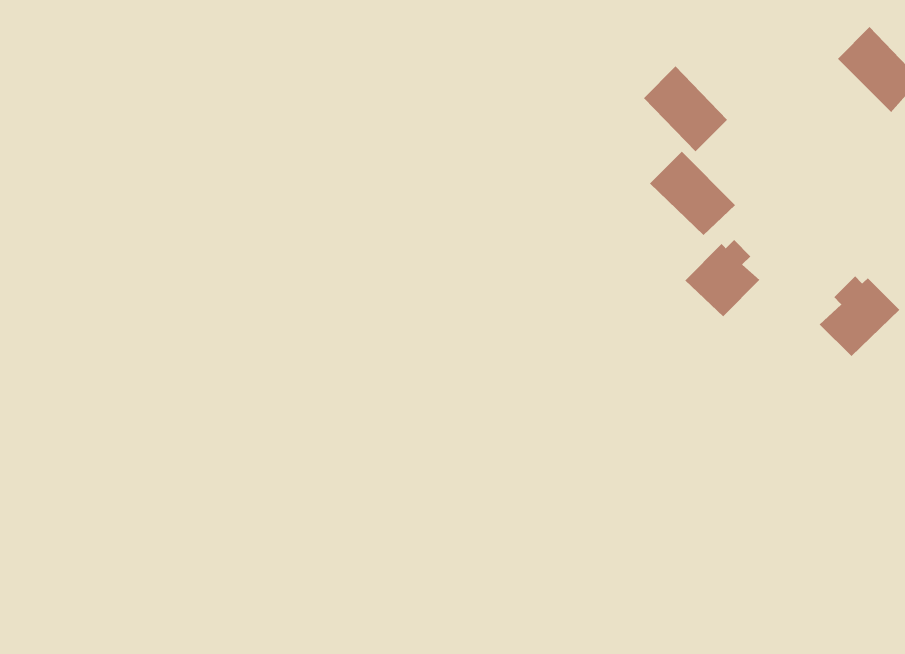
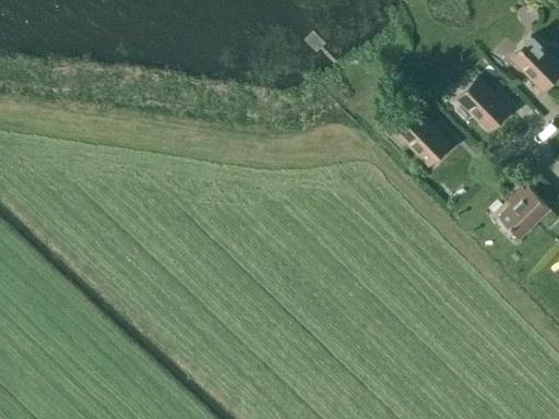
building: [643,66,728,152] -> [459,79,510,131]
building: [684,239,760,317] -> none

